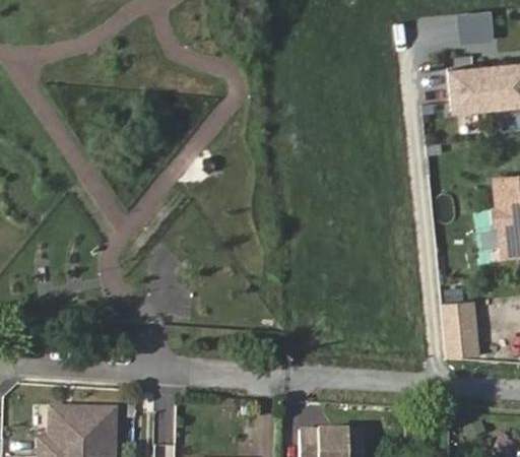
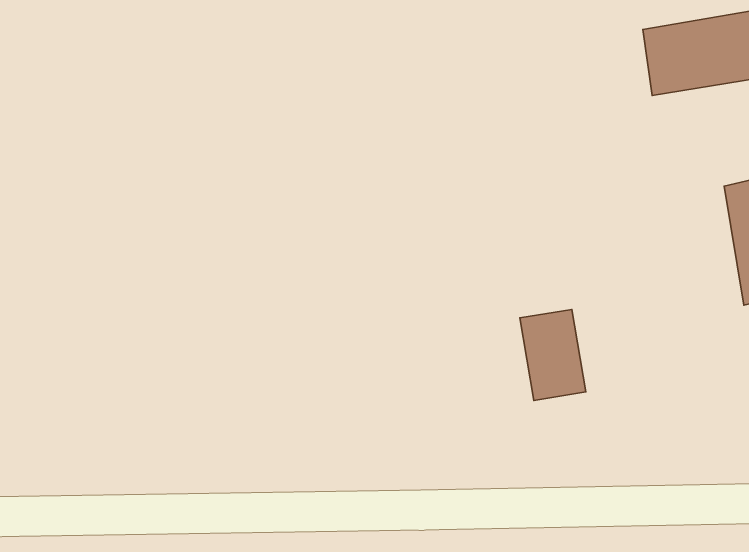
building: [443,302,482,360] -> [520,309,586,400]

